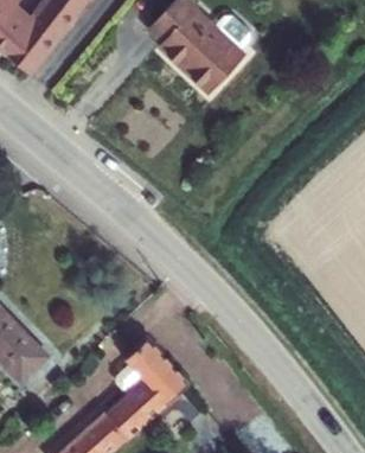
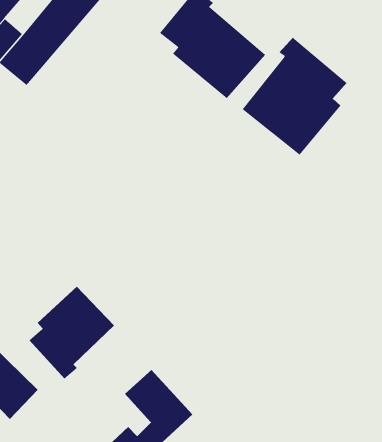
building: none -> [242,37,348,155]
building: none -> [28,286,115,380]

